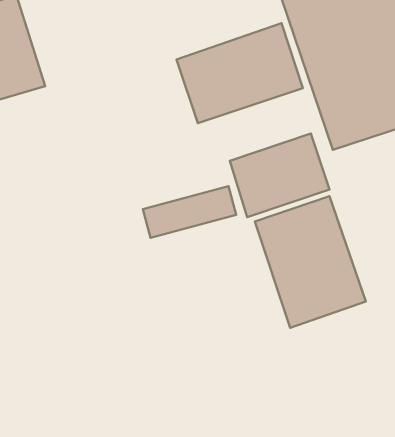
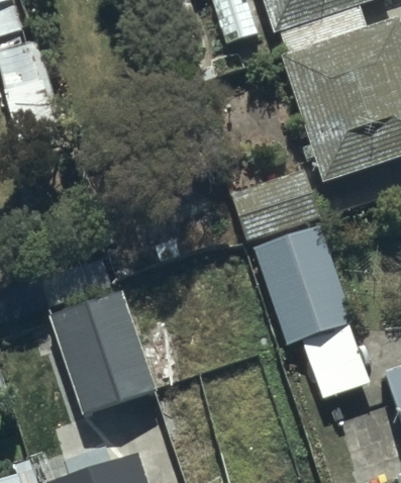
building: [176,23,303,123] -> none
building: none -> [54,291,149,413]

